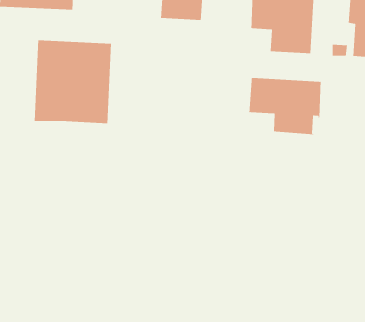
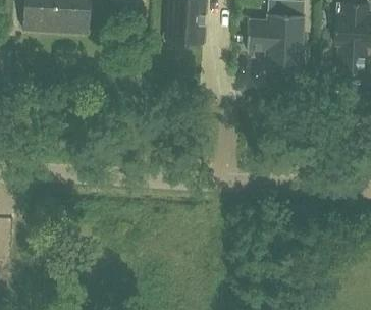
building: [34,39,112,124] -> none
building: [249,76,321,135] -> none

